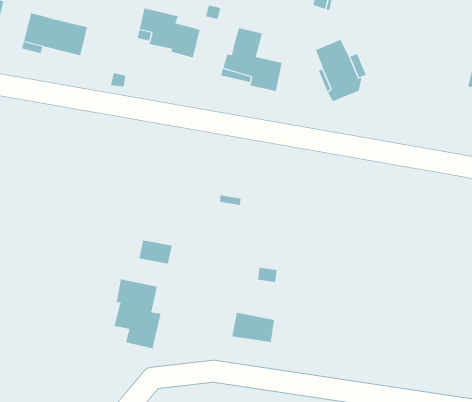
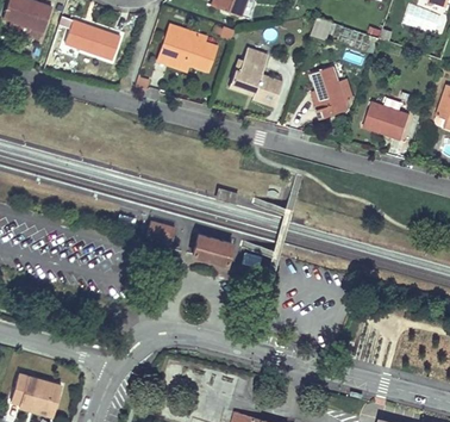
building: none -> [363,103,410,139]
building: [114,278,161,349] -> none
building: [231,312,275,343] -> [193,235,231,263]

